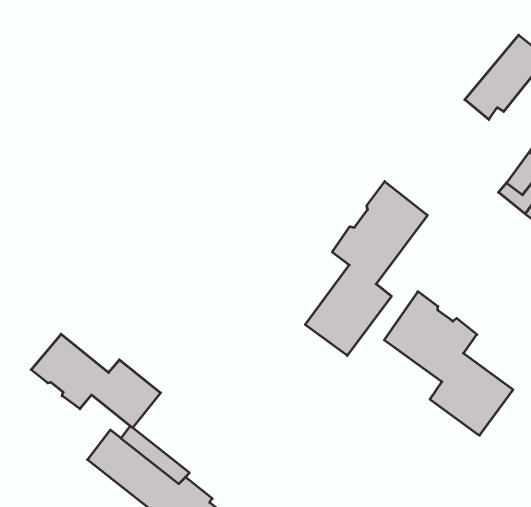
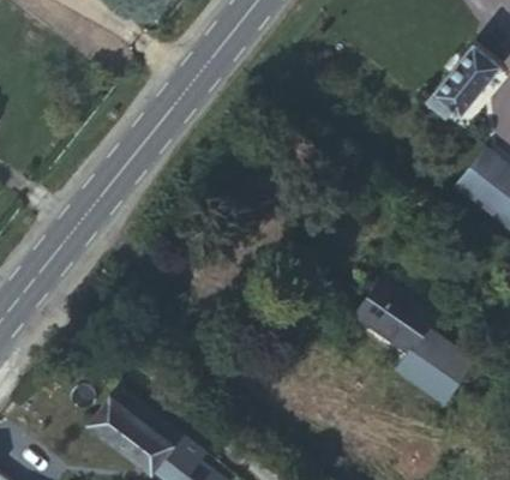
building: [305,181,427,356] -> none
building: [31,334,161,428] -> none

